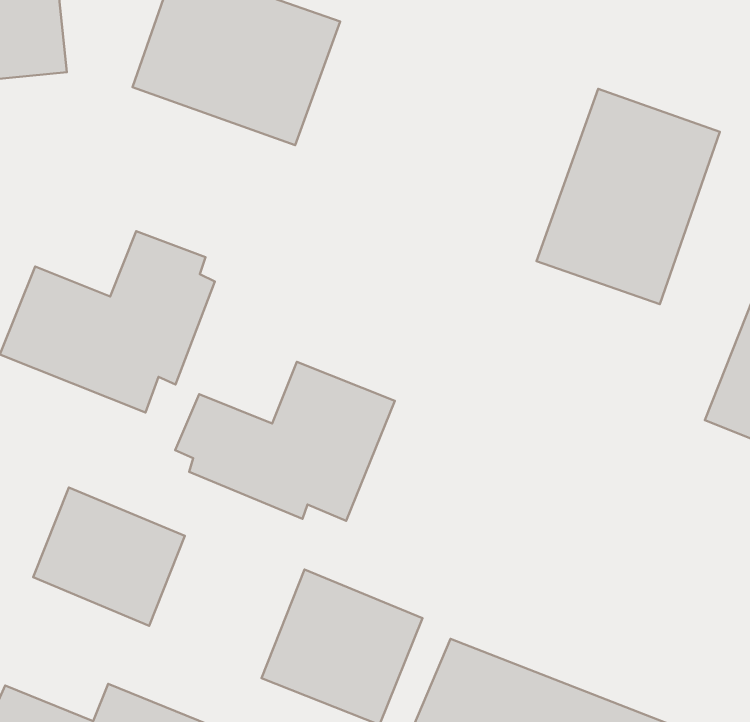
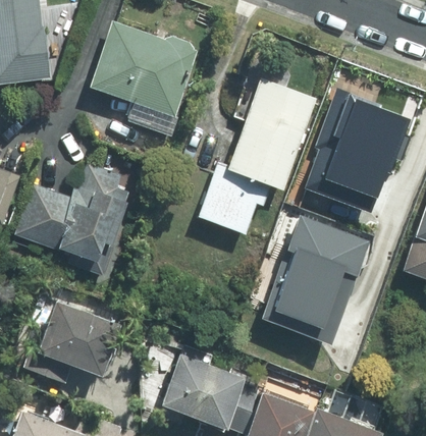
building: none -> [197,77,322,235]
building: none -> [267,213,373,338]
building: [175,362,395,521] -> none

